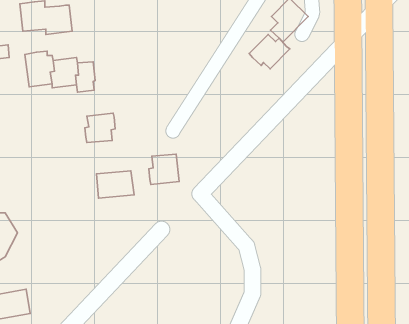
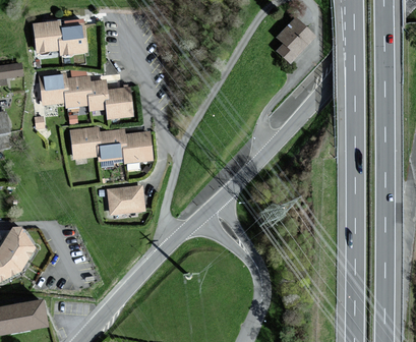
building: [249,35,290,69] -> none
building: none -> [105,89,132,119]
building: none -> [70,129,101,158]
building: [149,154,179,185] -> [122,133,152,163]

